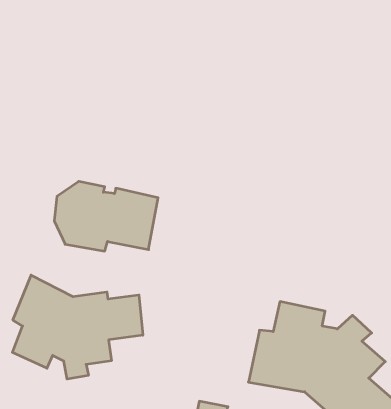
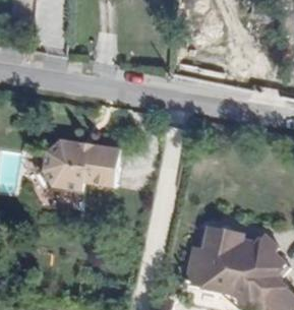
building: [12,275,143,379] -> none

